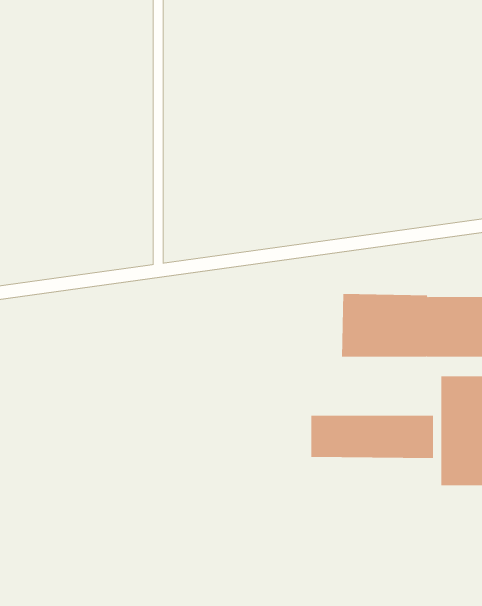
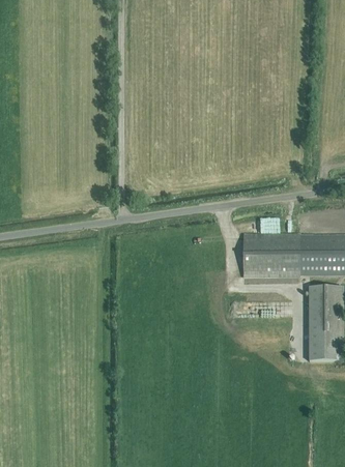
building: [311,415,434,459] -> none

